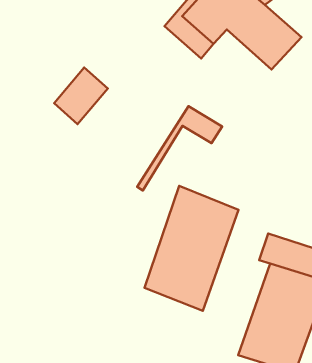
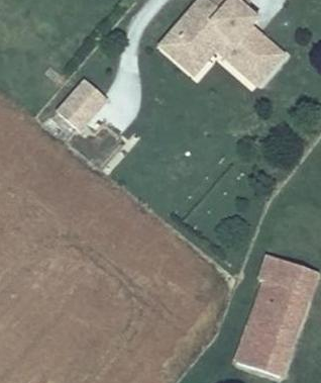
building: [137,106,222,191] -> none
building: [144,186,238,311] -> none

